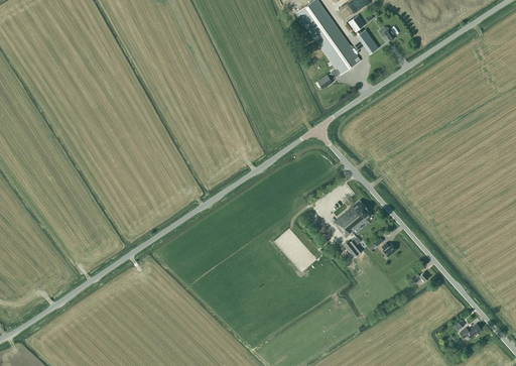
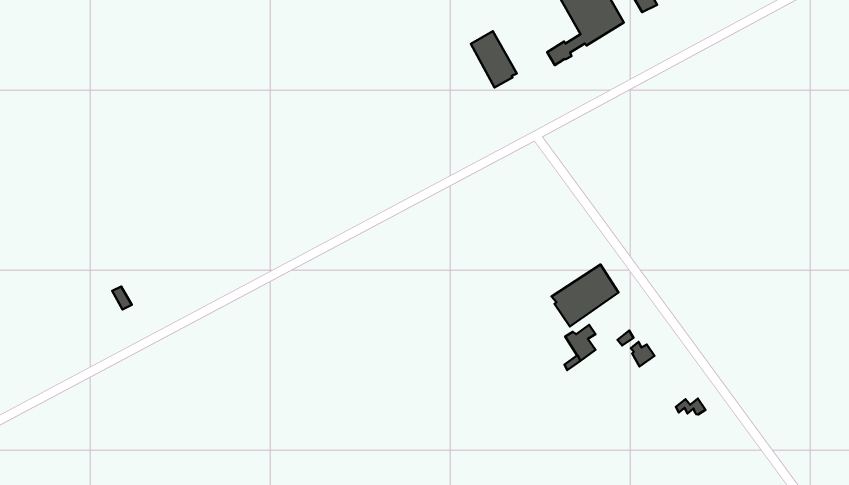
building: none -> [471,31,517,88]

